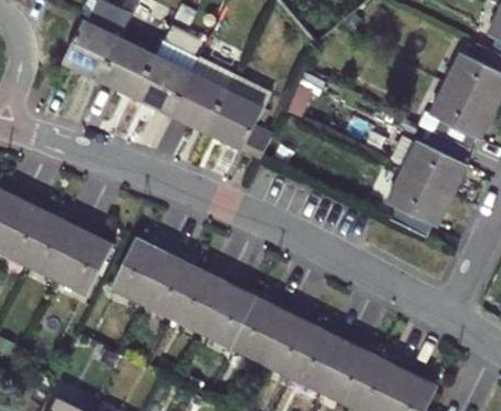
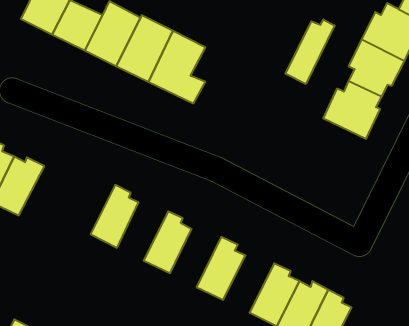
building: none -> [285,19,335,84]
building: [387,172,451,238] -> none
building: [60,226,114,296] -> none
building: [109,238,168,303] -> none
building: [170,267,228,333] -> none
building: [230,297,288,362] -> none
building: [290,327,347,391] -> none

